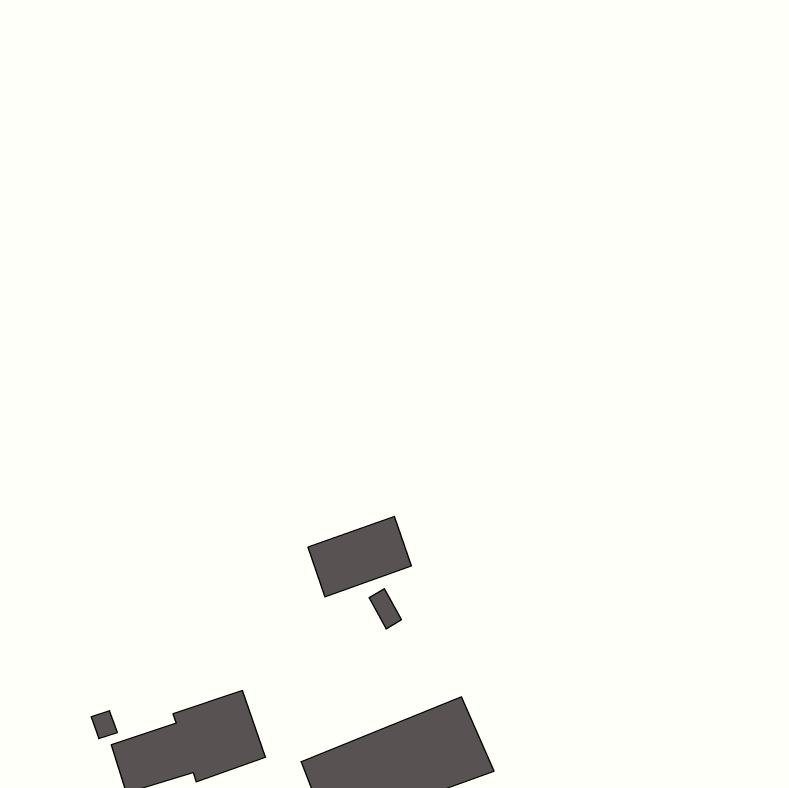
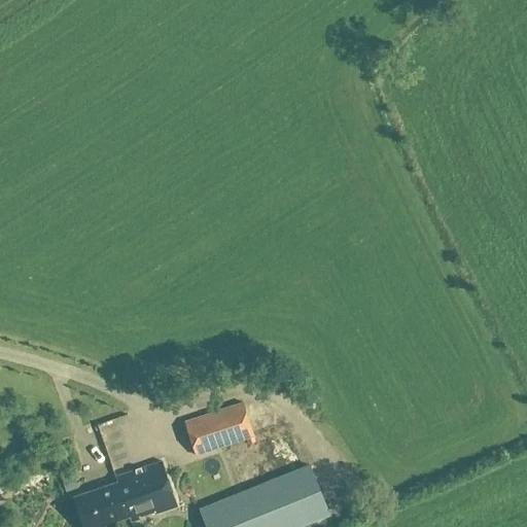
building: [308,516,411,597] -> [184,401,253,455]

